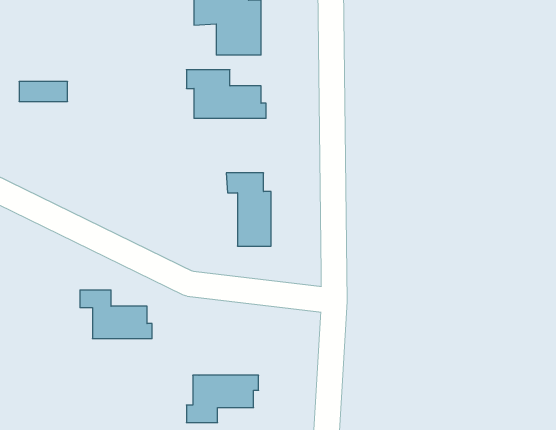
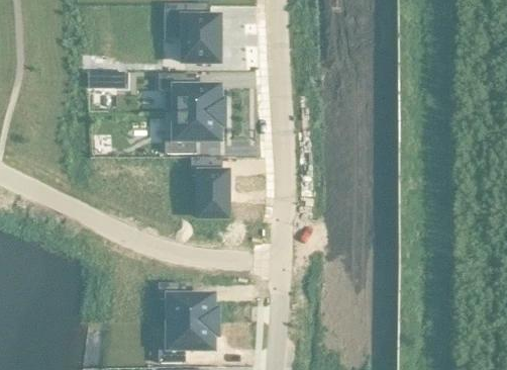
building: [19,82,68,101] -> [90,72,129,88]
building: none -> [167,114,225,154]
building: [80,290,152,339] -> [161,284,219,323]

